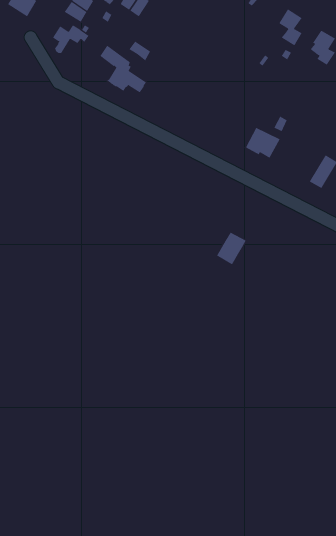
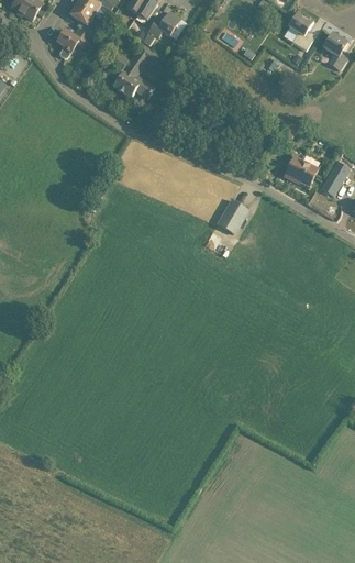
building: none -> [147,11,181,36]
building: [245,127,281,158] -> [284,155,320,187]
building: [216,232,246,265] -> [217,199,247,233]

